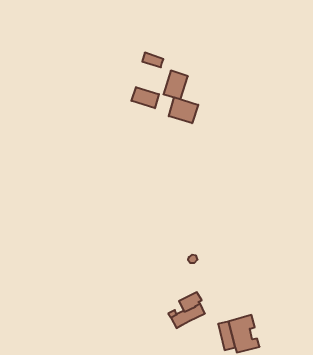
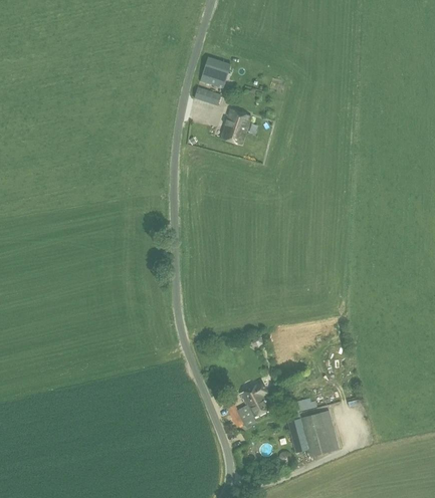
building: none -> [200,56,231,87]
building: [131,87,159,108] -> none
building: [169,97,198,123] -> none

